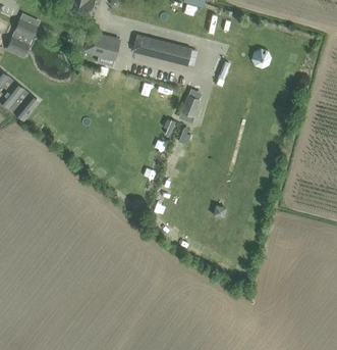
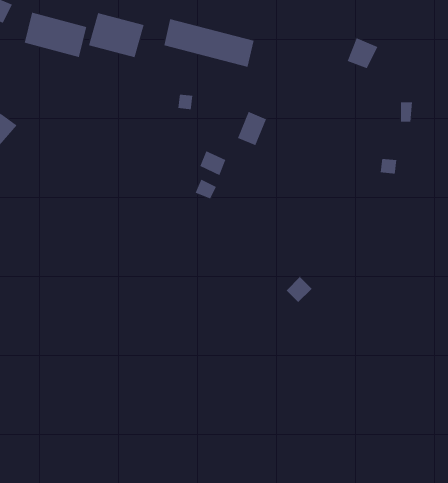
building: none -> [24,12,87,58]

